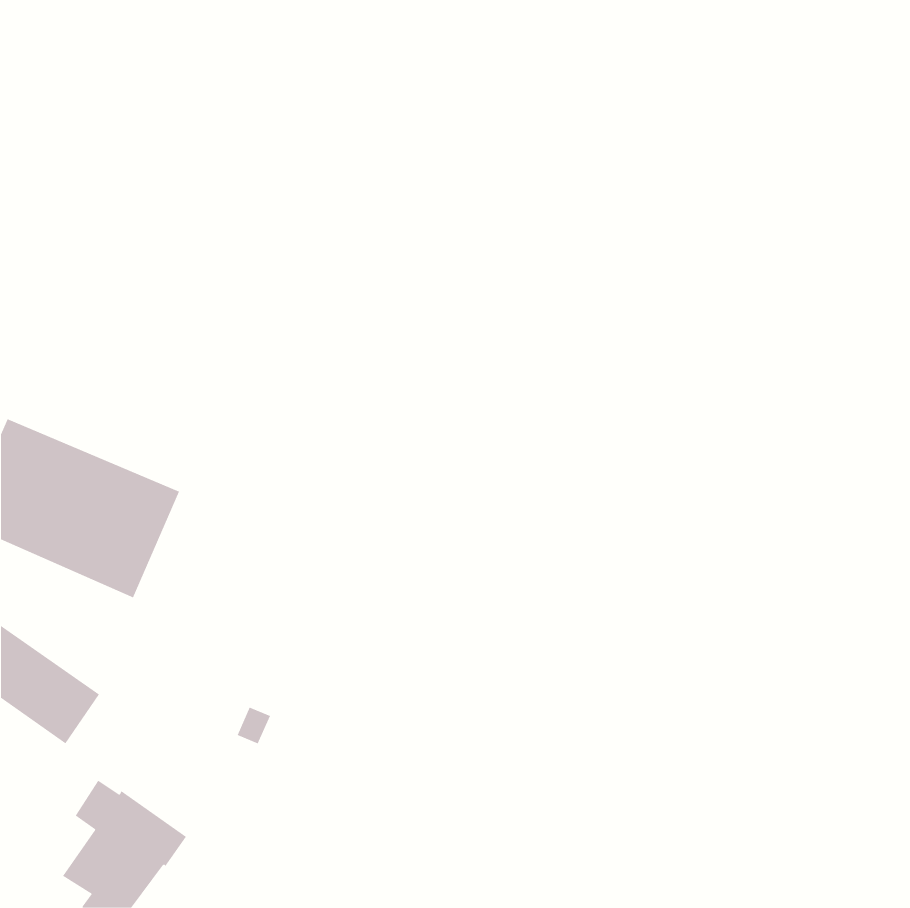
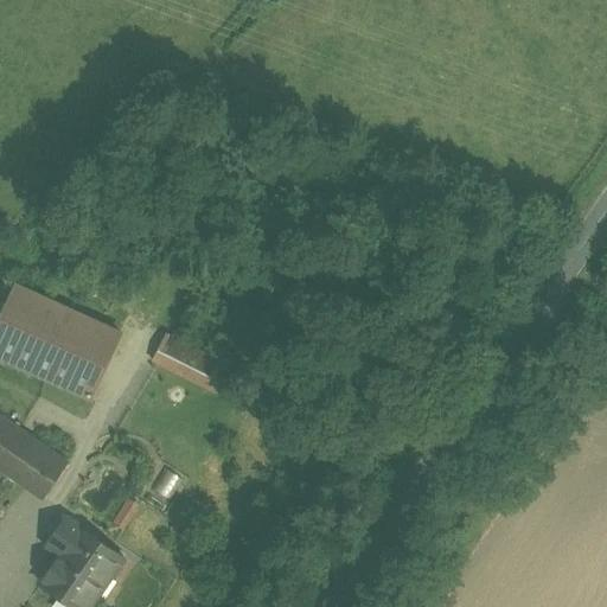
building: none -> [147,331,221,386]

